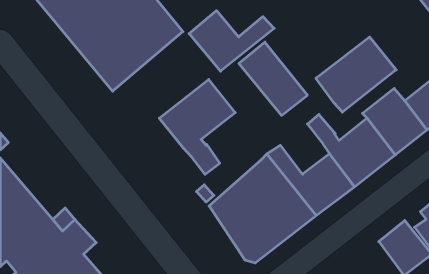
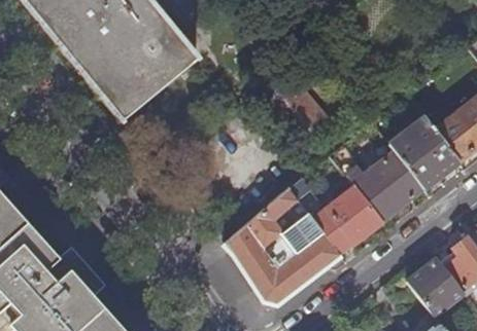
building: [189,11,274,71] -> none
building: [316,37,396,112] -> none
building: [159,79,235,174] -> none

